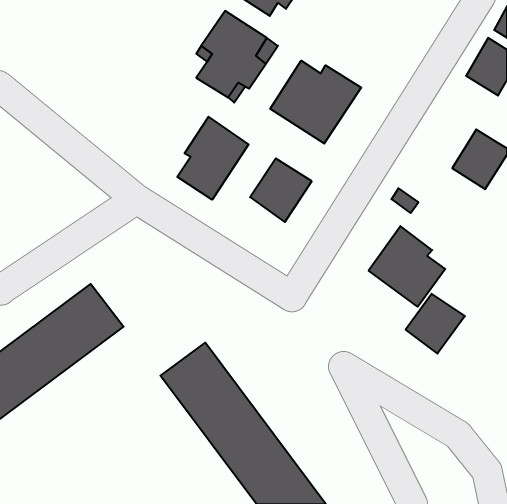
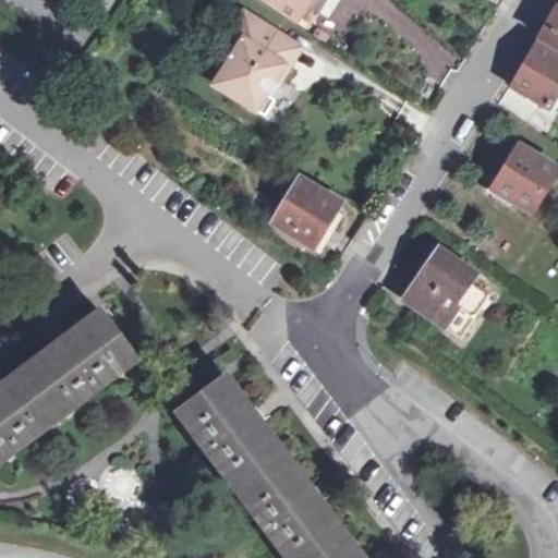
building: [270,61,361,144] -> none
building: [177,117,249,200] -> none
building: [406,294,465,354] -> none

